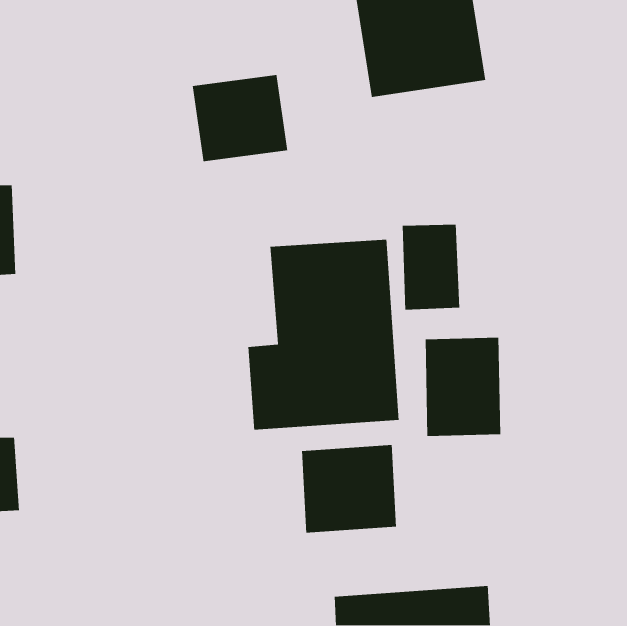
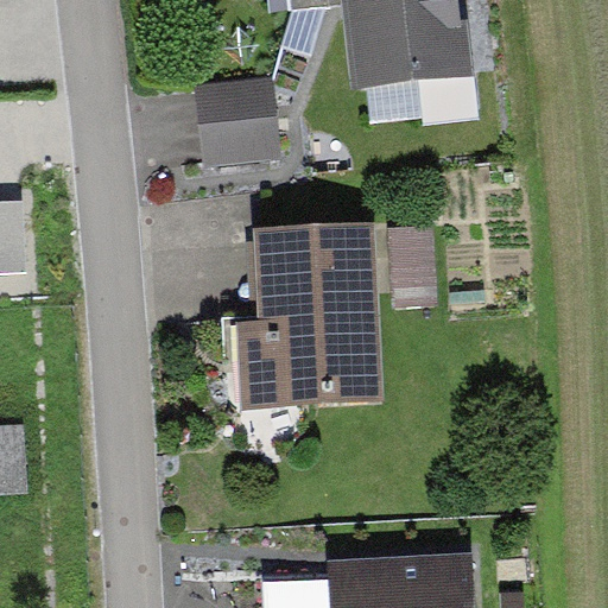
building: [425,337,501,437] -> none
building: [301,444,397,534] -> none

